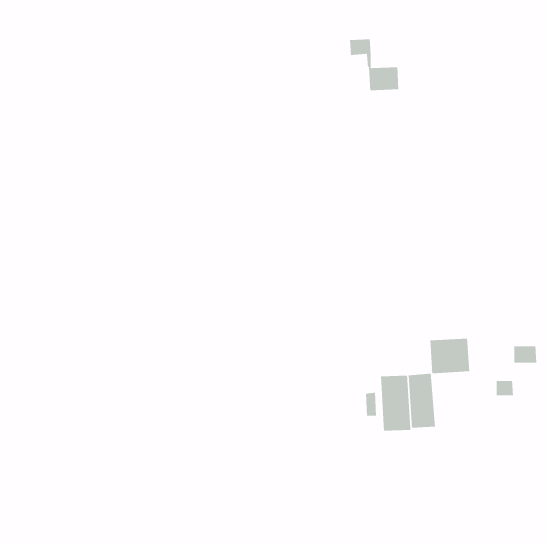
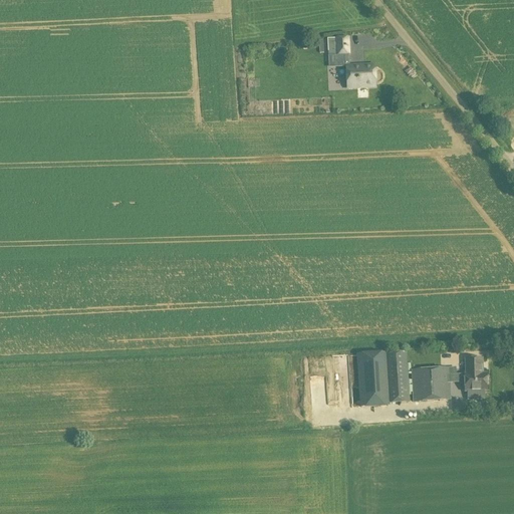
building: [429,338,470,374] -> [411,365,449,400]
building: [514,345,537,364] -> [464,371,486,389]

